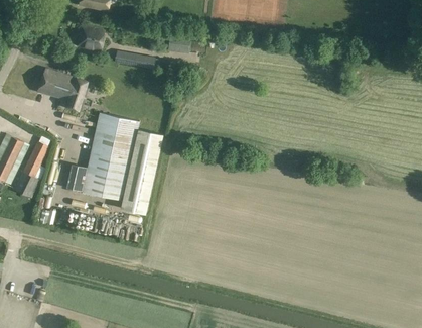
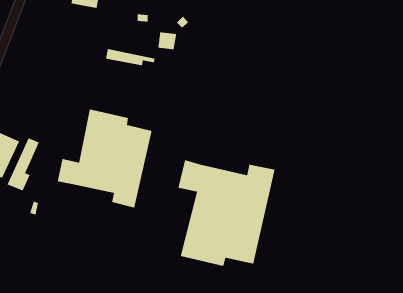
building: [77,24,104,51] -> none
building: [36,68,87,111] -> none
building: none -> [177,159,275,267]

